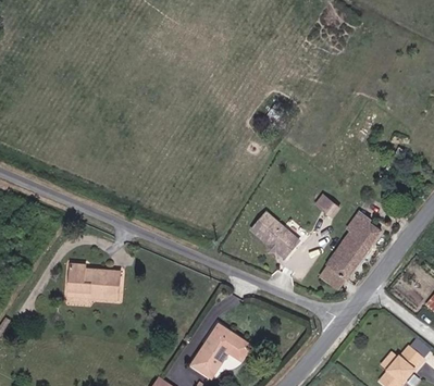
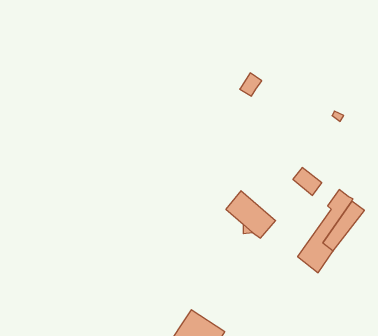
building: [69,263,120,298] -> none

